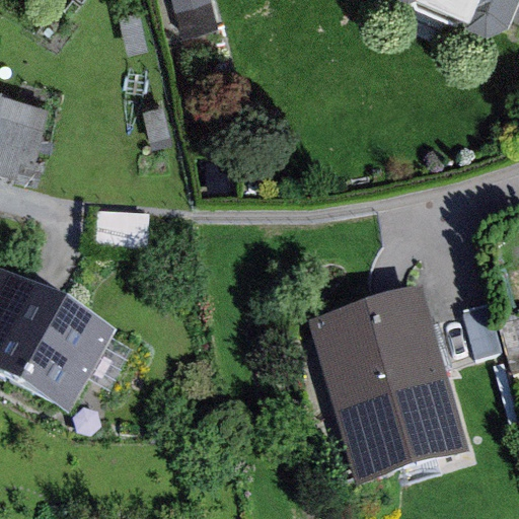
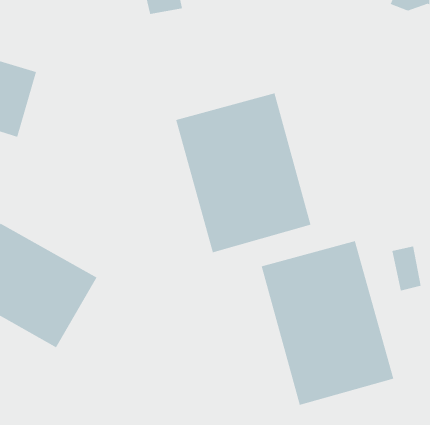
building: none -> [176,92,311,253]

